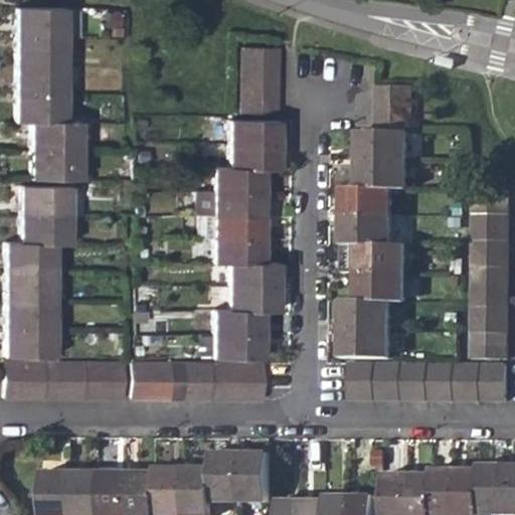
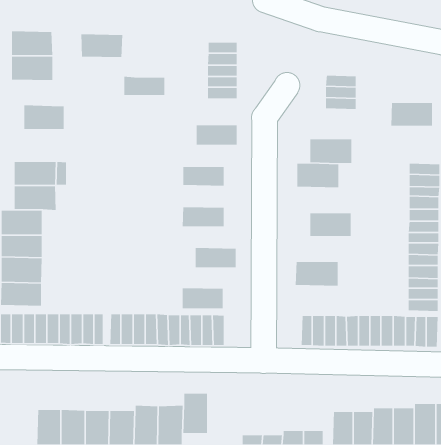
building: [16,8,65,36] -> [80,34,123,58]
building: [17,93,65,122] -> none
building: [230,121,279,144] -> [124,76,165,96]
building: [362,132,411,160] -> [390,102,433,127]
building: [31,150,79,178] -> none
building: [215,168,264,192] -> none
building: [215,214,264,239] -> none
building: [347,216,396,245] -> none
building: [229,263,278,287] -> none
building: [362,274,410,302] -> none
building: [214,309,263,333] -> none
building: [345,330,395,358] -> none
building: [244,454,272,501] -> none

